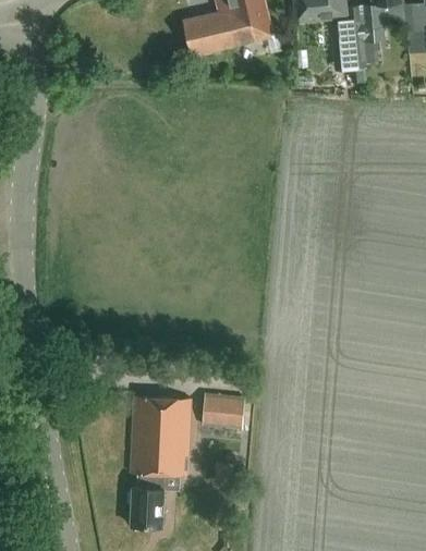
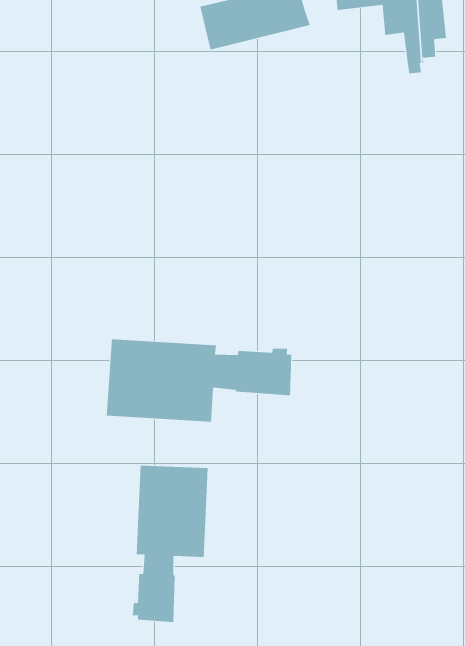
building: none -> [106,339,292,423]
building: [203,393,245,428] -> none

